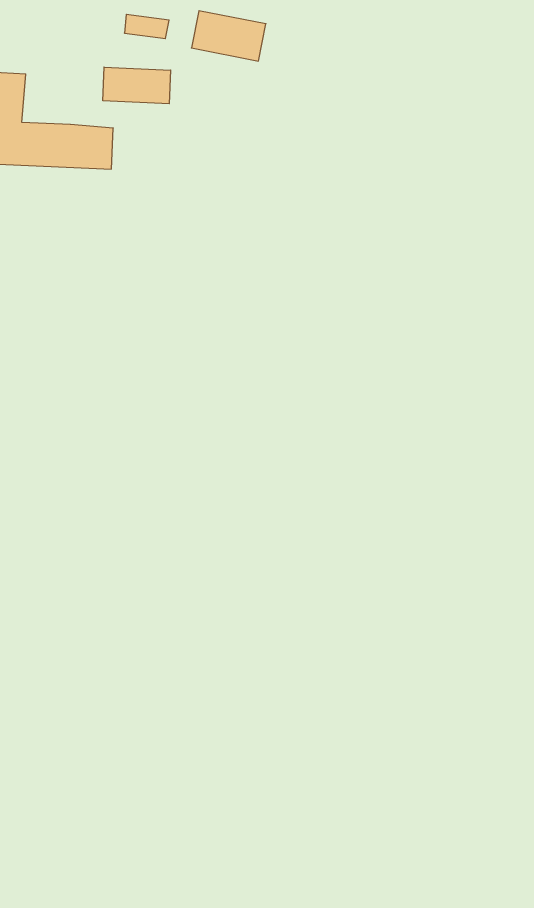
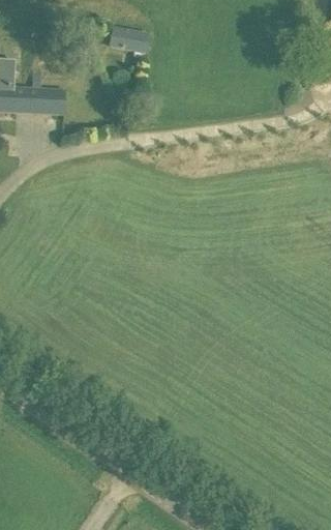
building: [103,67,171,104] -> none

